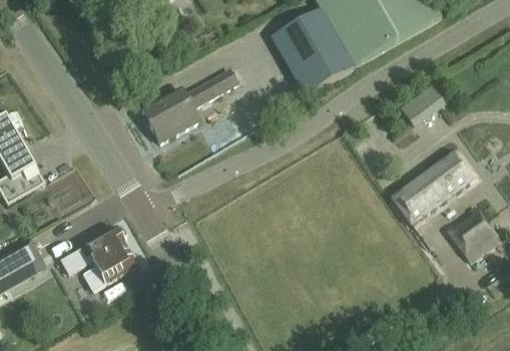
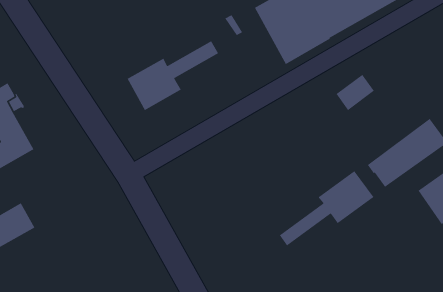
building: [400,90,441,129] -> [336,74,375,111]
building: none -> [279,170,374,246]
building: [59,229,135,284] -> none

